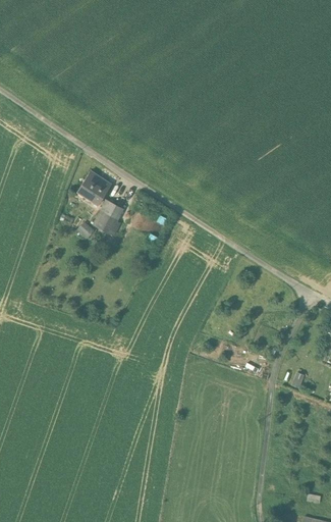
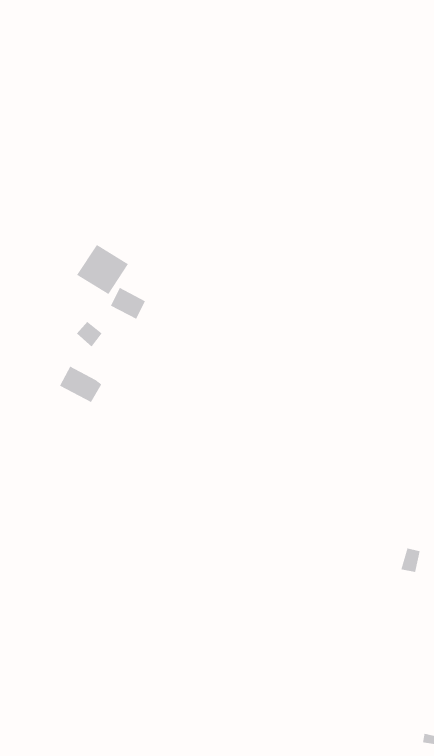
building: [92,211,120,236] -> [59,366,102,403]

